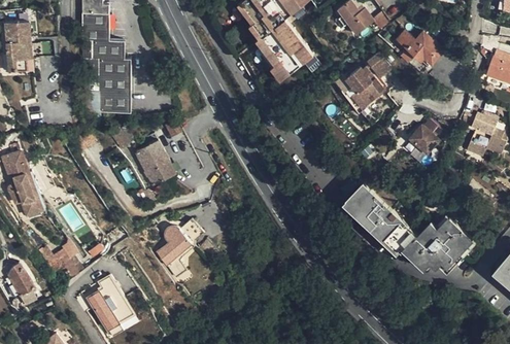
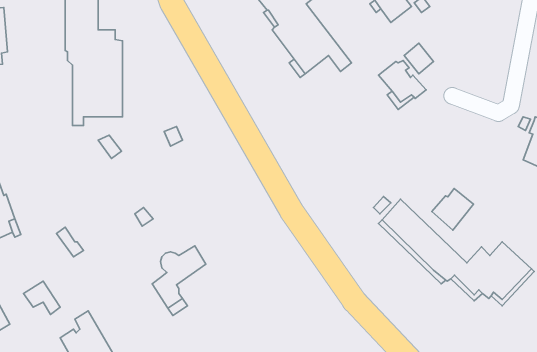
building: [397,30,444,67] -> none
building: [410,119,445,154] -> [432,188,474,230]
building: [134,133,175,186] -> none

